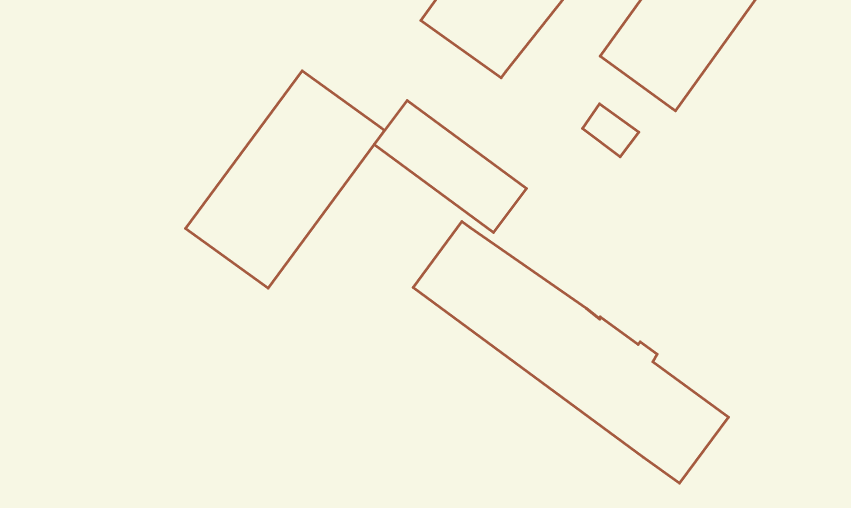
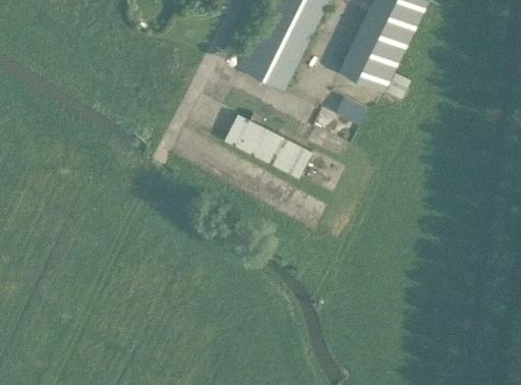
building: [186,71,385,288] -> none
building: [413,222,729,483] -> none

